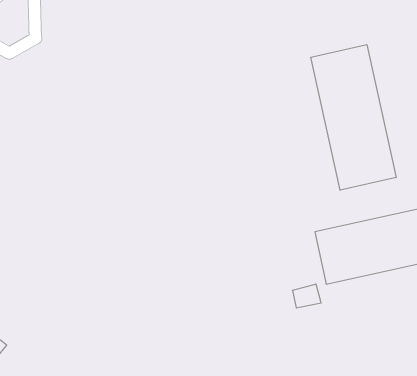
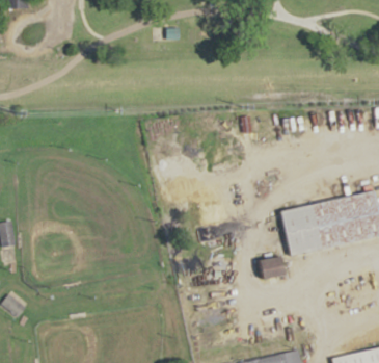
building: [311,45,396,190] -> none

